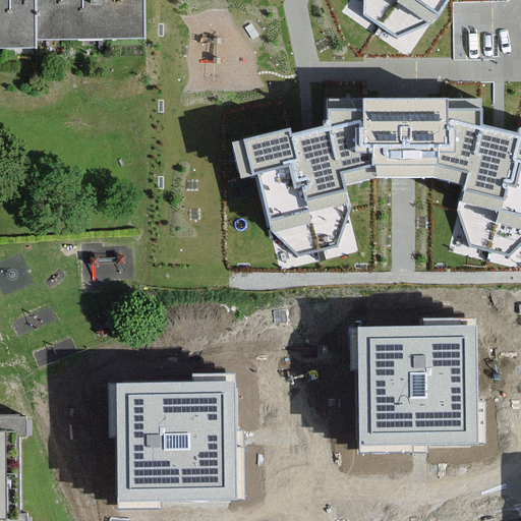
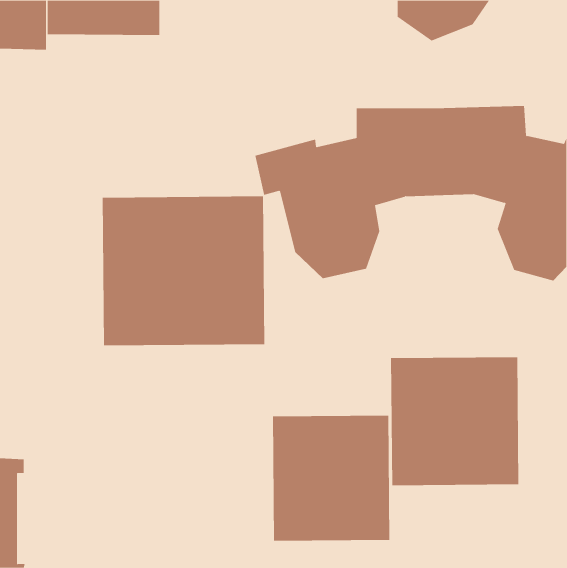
building: none -> [102,196,265,346]
building: none -> [273,415,390,541]
building: [118,382,236,501] -> none

